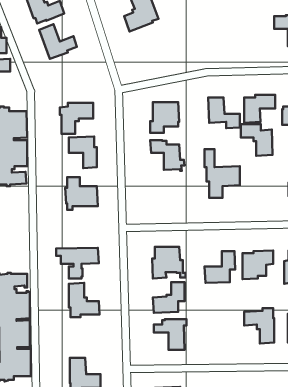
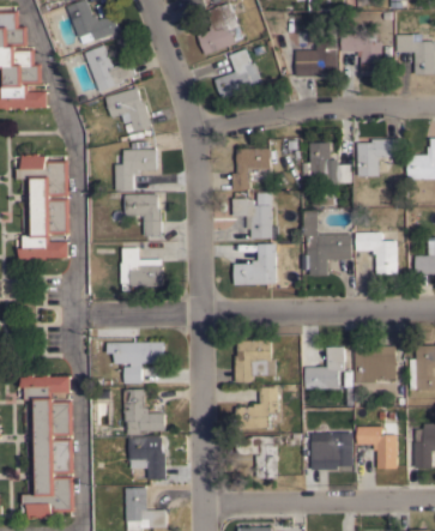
building: none -> [342,34,382,76]
building: none -> [296,41,337,77]
building: none -> [215,49,261,99]
building: none -> [105,88,152,132]
building: [241,124,273,156] -> [356,233,398,274]
building: none -> [234,243,276,284]
building: none -> [312,433,354,470]
building: none -> [129,438,167,479]

